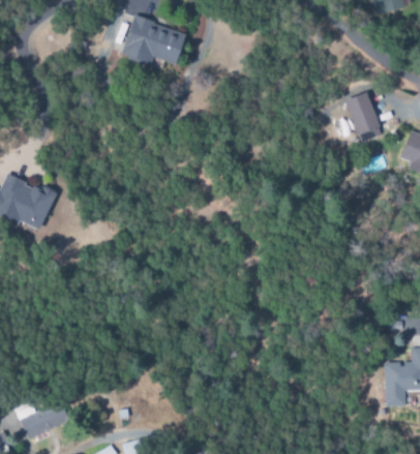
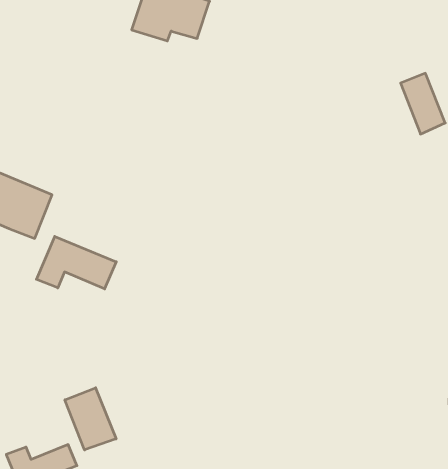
building: none -> [36,236,116,289]
building: none -> [65,388,116,450]

